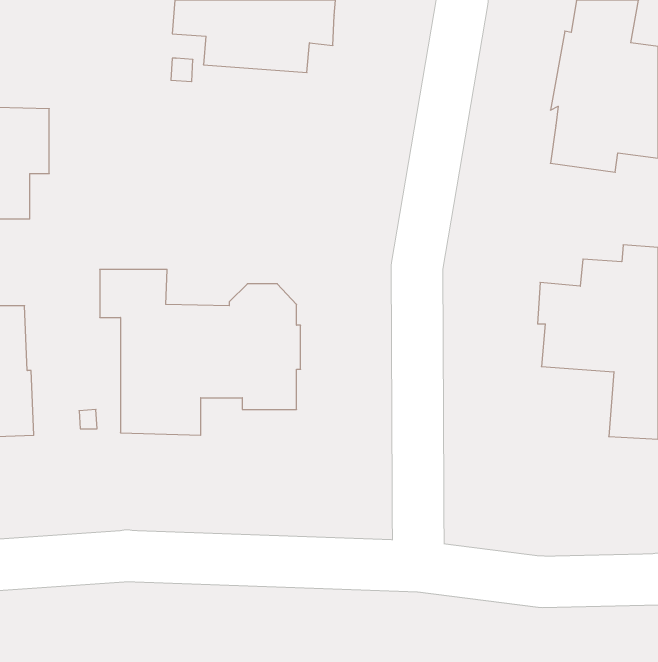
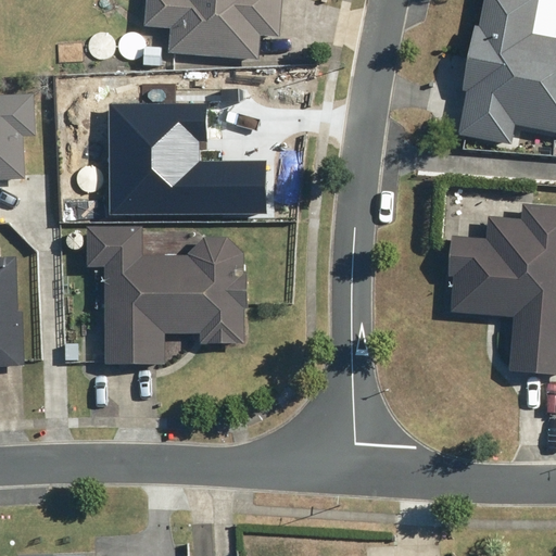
building: none -> [108,104,264,213]

